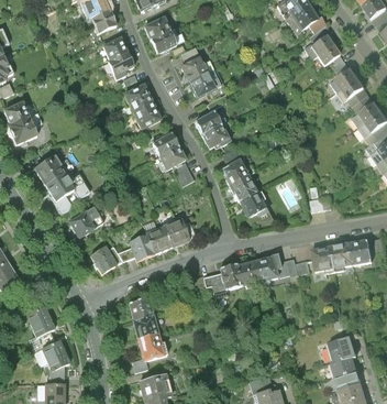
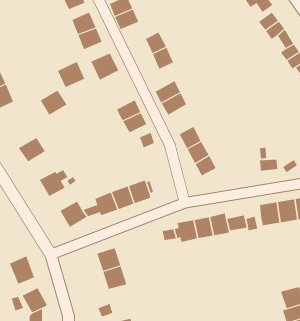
building: [131,99,162,129] -> [57,61,85,88]
building: [31,156,62,185] -> [40,90,68,116]
building: [141,336,167,362] -> none

